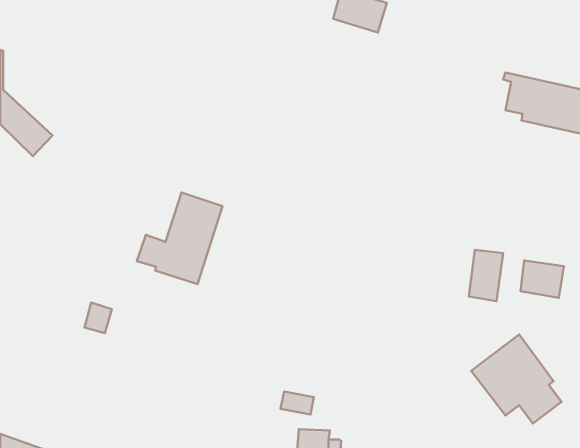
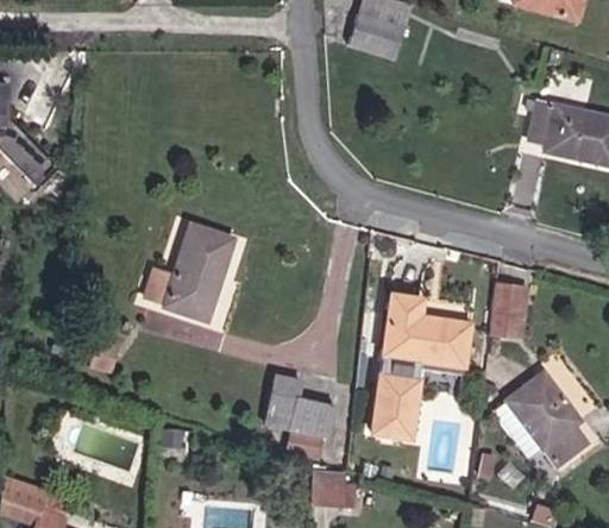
building: none -> [371,295,469,436]
building: [520,260,564,298] -> none
building: none -> [265,376,334,435]

